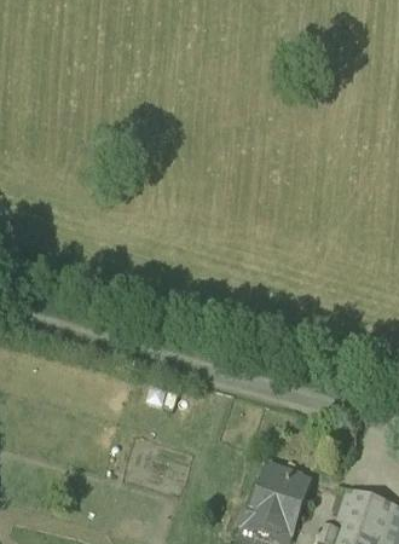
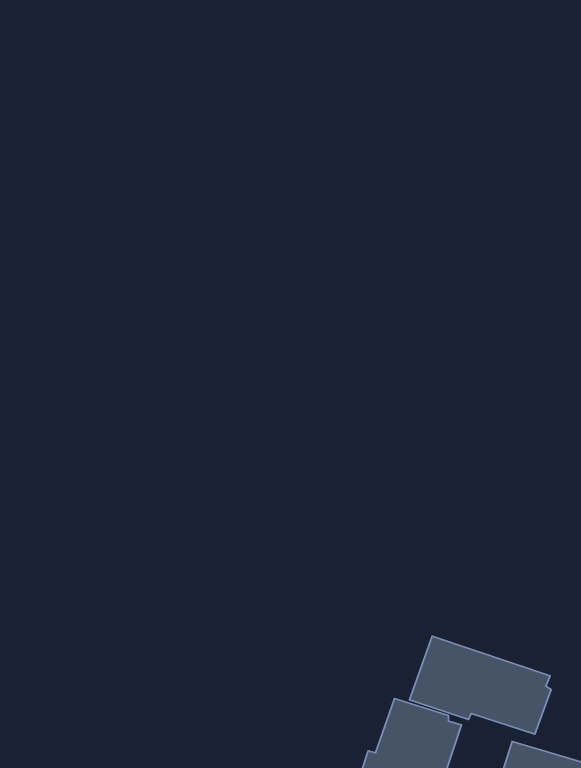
building: none -> [409,636,551,734]

